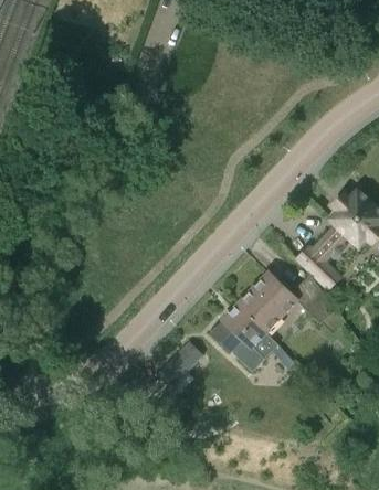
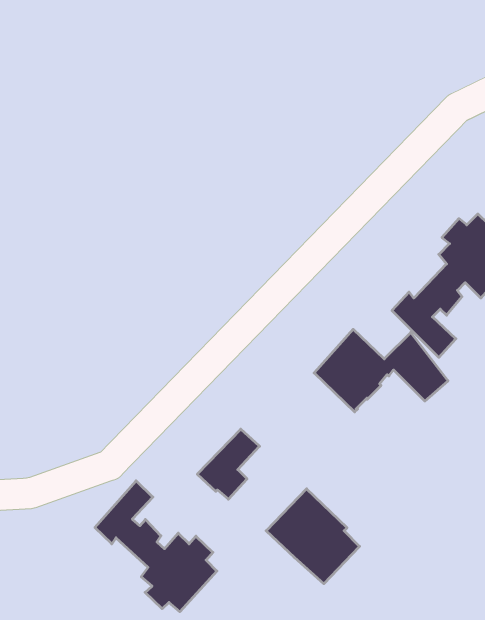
building: [213,301,280,369] -> [266,489,360,584]
building: none -> [95,481,217,612]

